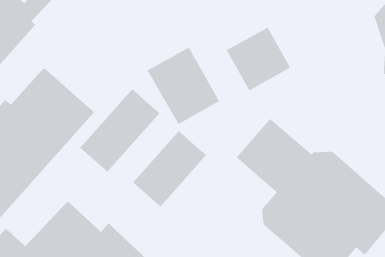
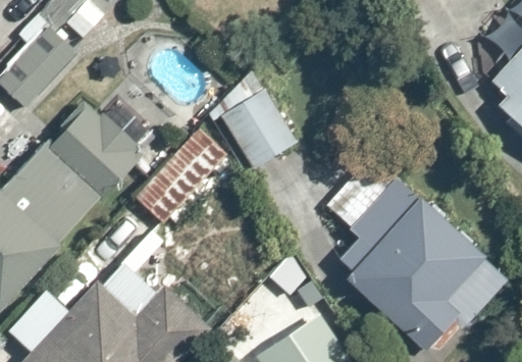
building: [226,27,291,91] -> none
building: [132,130,207,208] -> none

